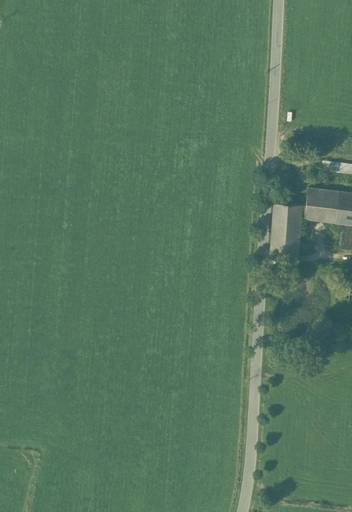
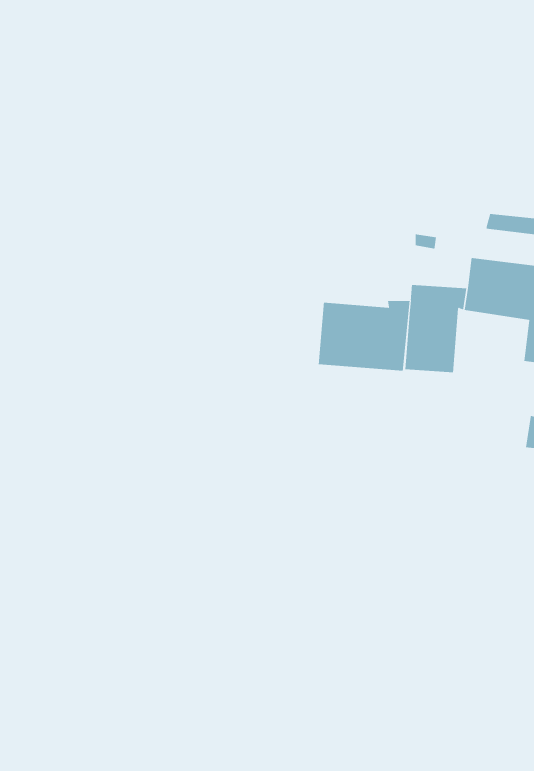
building: none -> [318,300,410,372]

